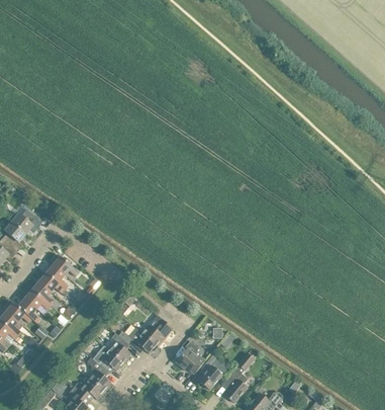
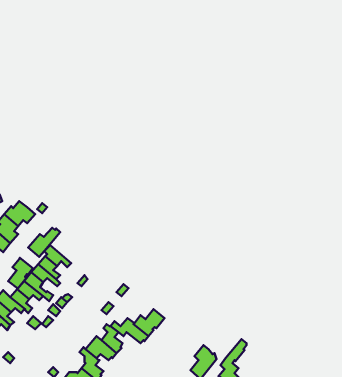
building: none -> [28,228,60,257]
building: none -> [8,258,33,289]
building: [175,341,204,374] -> none

